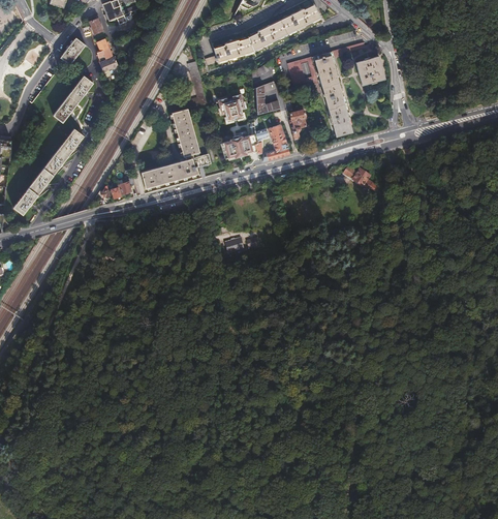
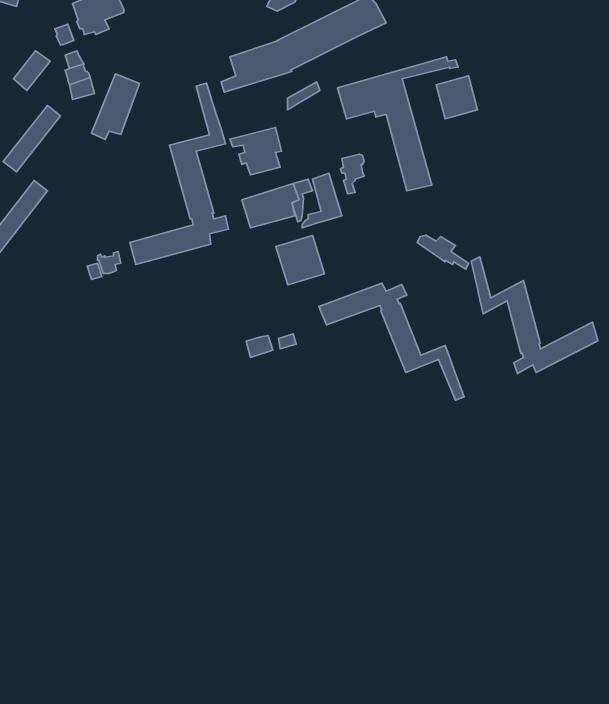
building: none -> [91,74,140,140]
building: [252,82,279,115] -> none
building: none -> [276,235,324,285]
building: none -> [471,257,598,373]
building: none -> [319,283,464,400]

